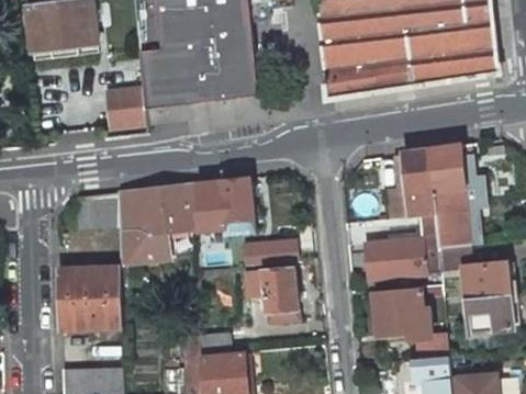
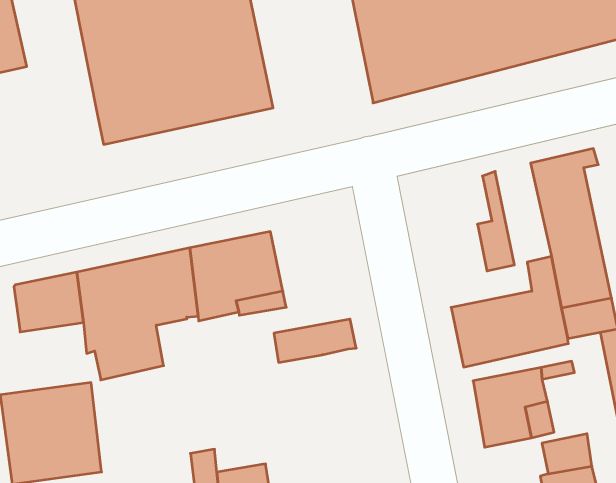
building: [108,88,146,127] -> none
building: [403,149,435,216] -> none
building: [244,268,299,320] -> none

